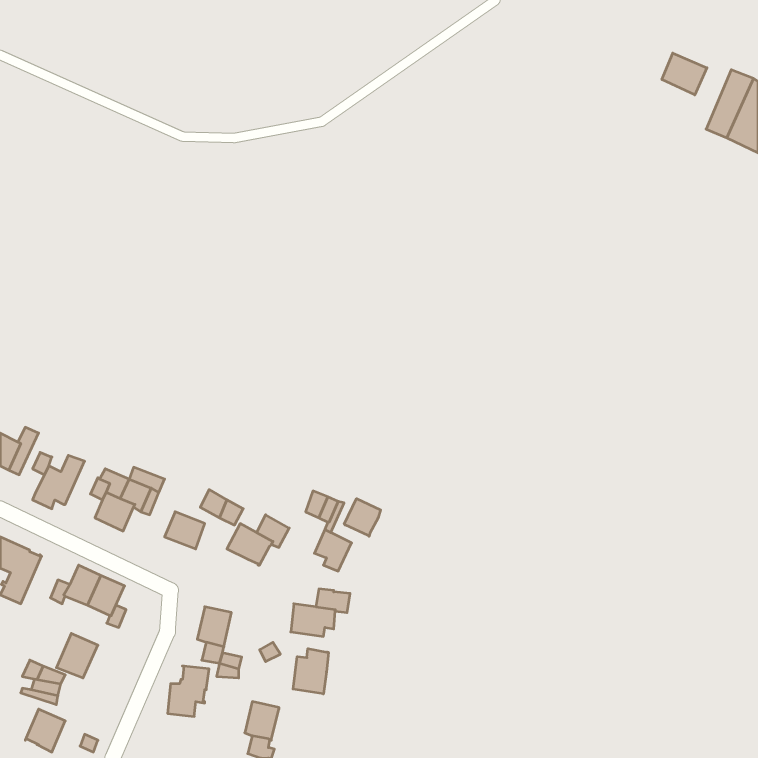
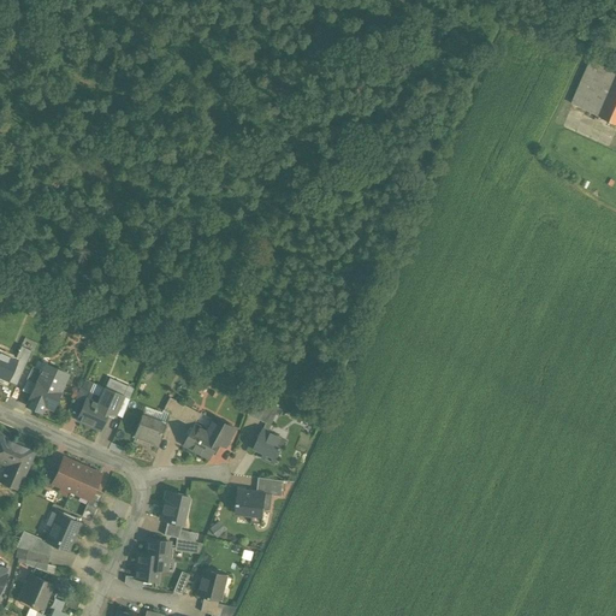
building: [662,53,707,95] -> none
building: [344,499,381,536] -> none
building: [293,649,328,694] -> none

